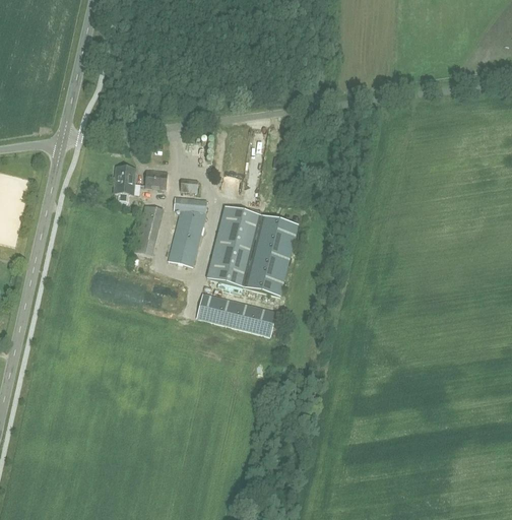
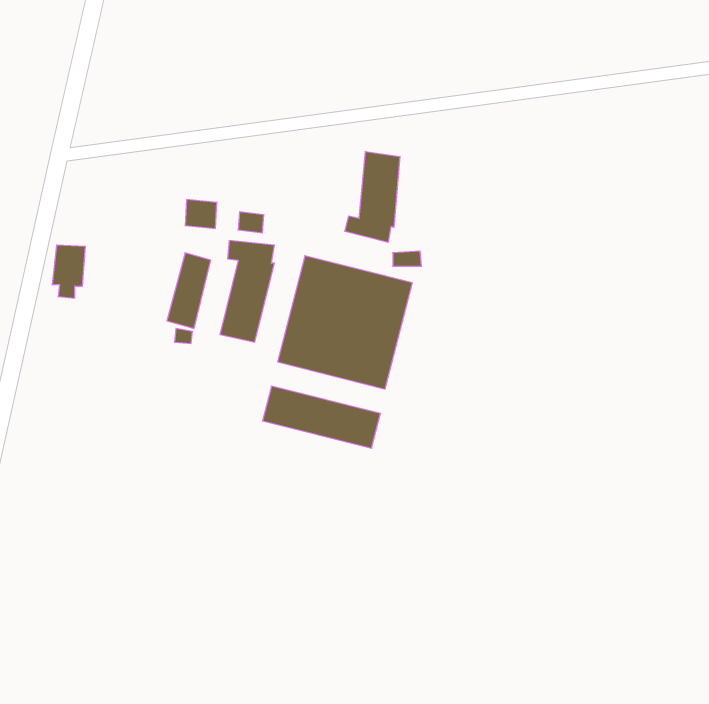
building: none -> [345,151,400,242]
building: [113,166,135,201] -> [52,245,85,298]

